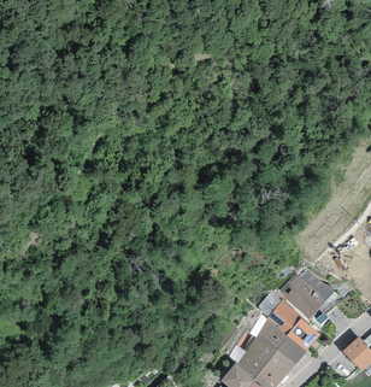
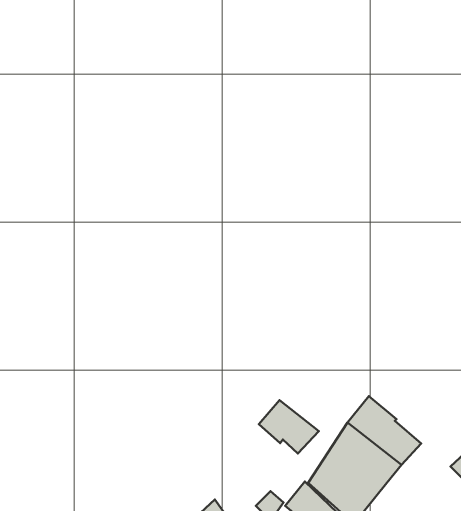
building: [279,269,335,318] -> none
building: none -> [259,400,319,454]

